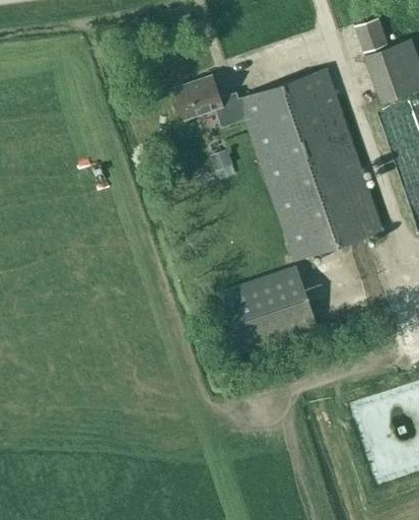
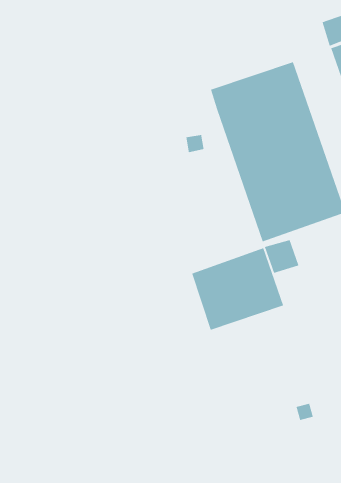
building: [173,75,245,128] -> none
building: none -> [264,239,299,274]

